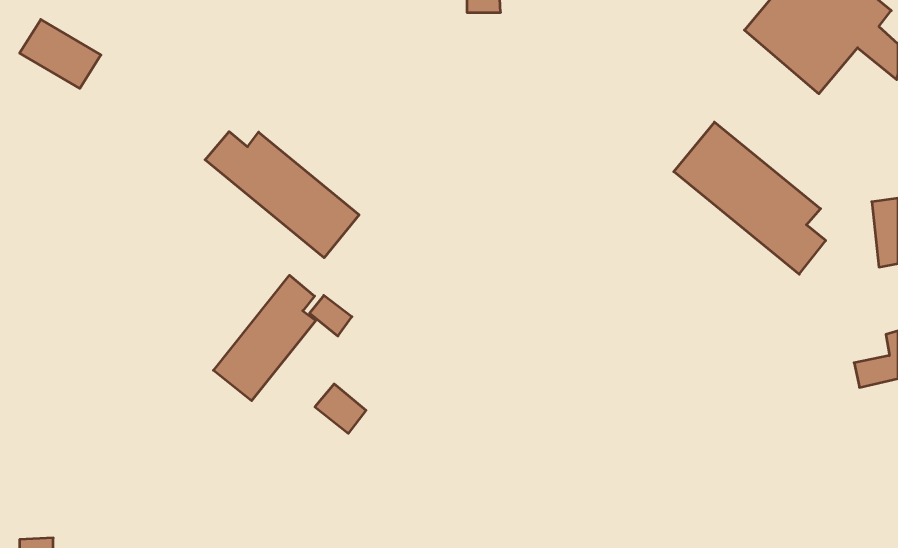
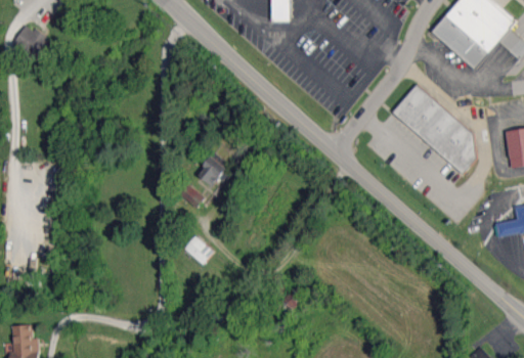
building: [205,132,359,258] -> none
building: none -> [196,155,231,186]
building: [213,275,316,401] -> none

